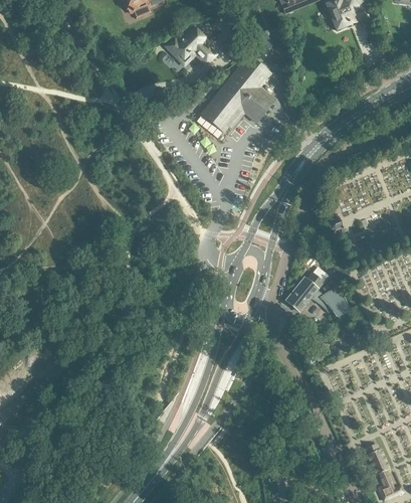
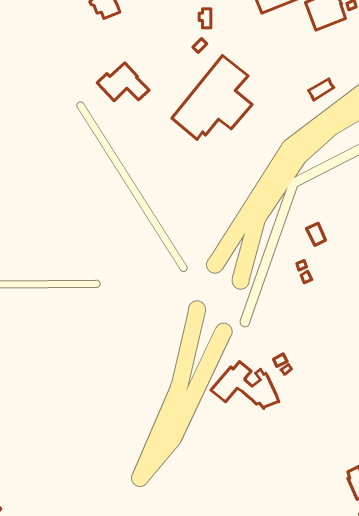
building: [164,25,213,61] -> [97,63,149,101]
building: [283,273,348,317] -> [211,362,279,408]

